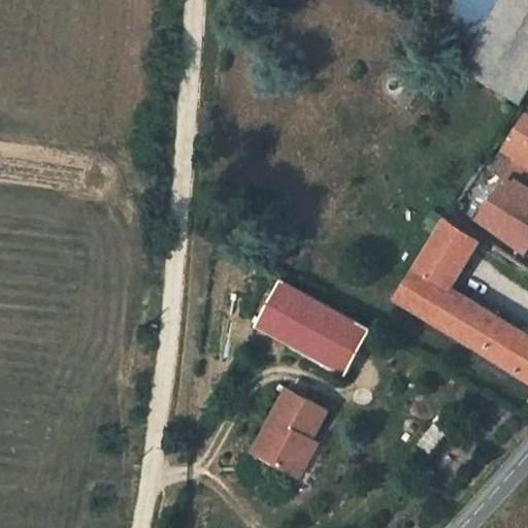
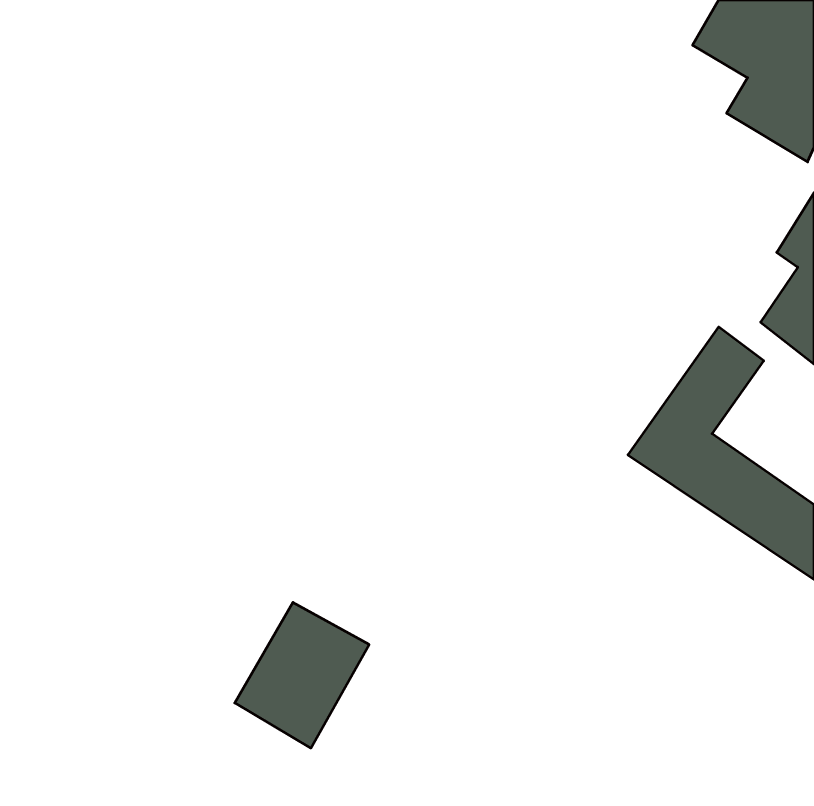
building: [260,284,370,372] -> none
building: [240,377,326,470] -> [235,602,369,748]

